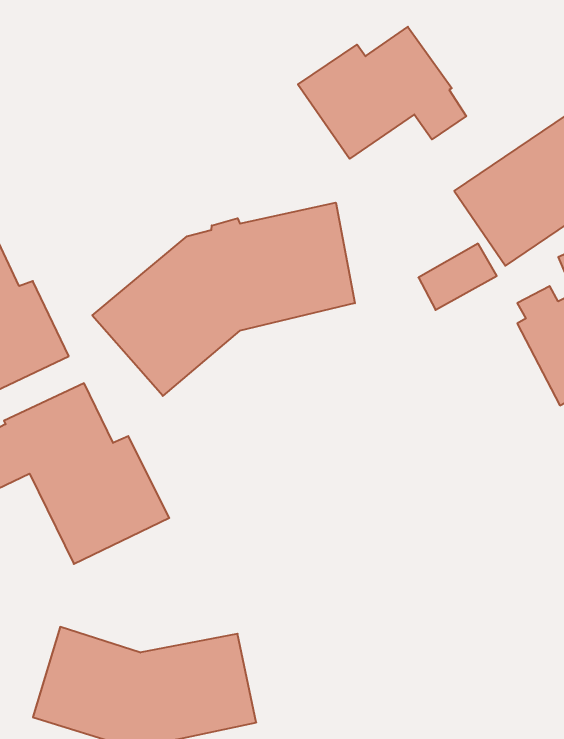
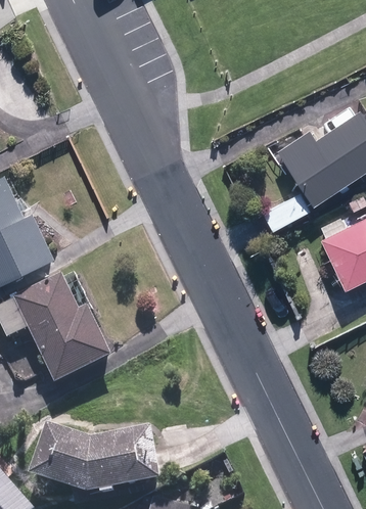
building: [298,27,466,159] -> none
building: [92,203,355,396] -> none

